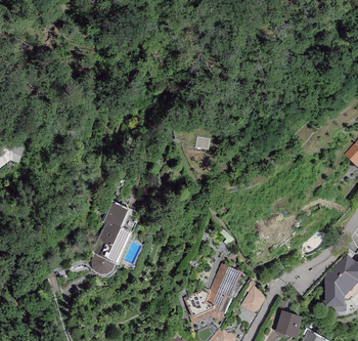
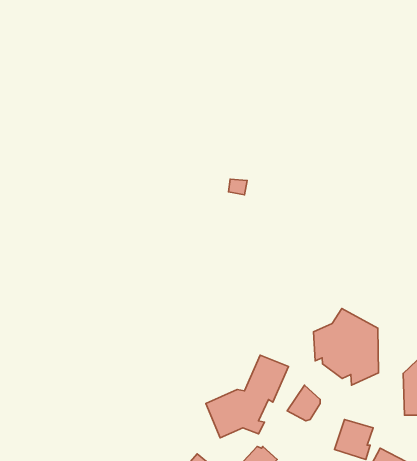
building: [91,202,130,273] -> none
building: none -> [314,308,379,385]

